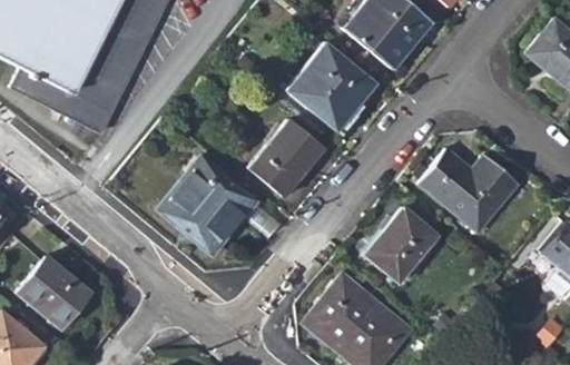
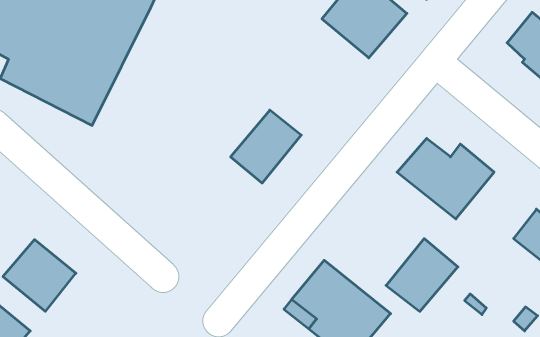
building: [287,42,373,127] -> none
building: [164,157,255,254] -> none
building: [364,206,438,280] -> [386,239,458,311]

